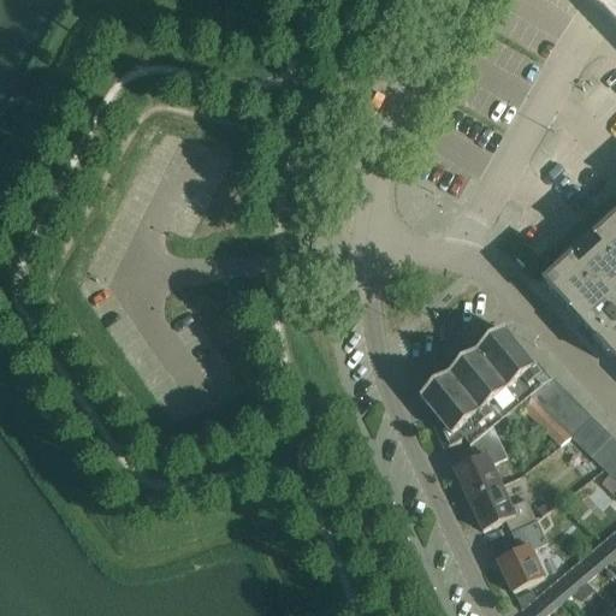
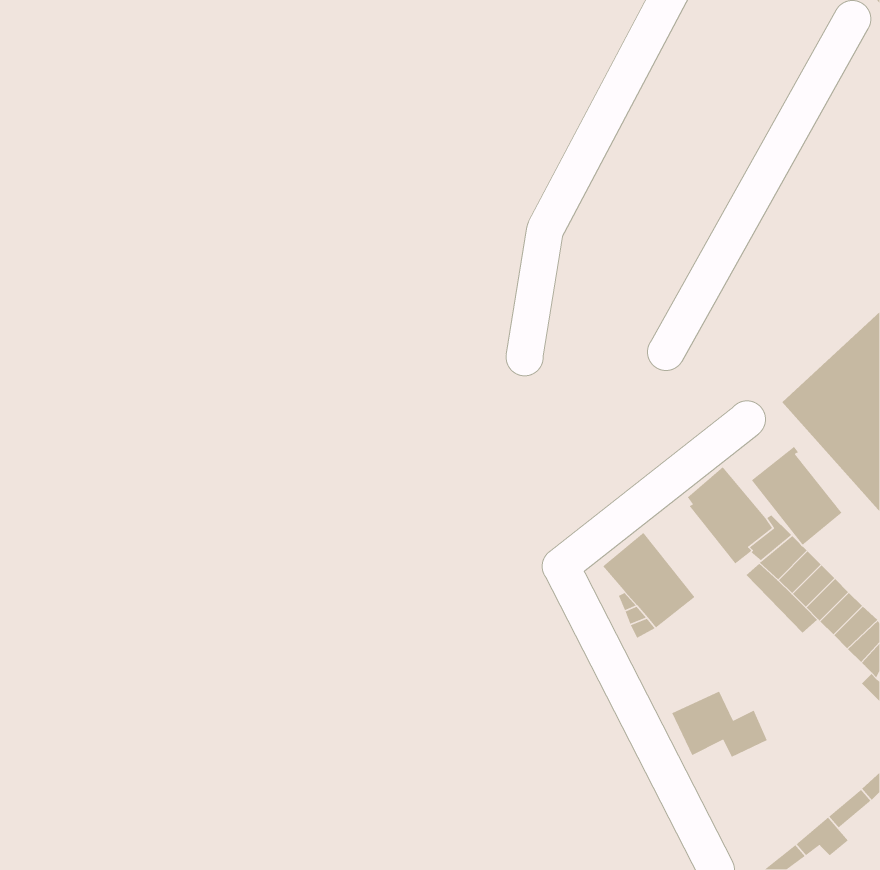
building: [449,346,513,416] -> [751,446,842,546]
building: [454,422,507,497] -> none
building: [497,516,546,588] -> none

